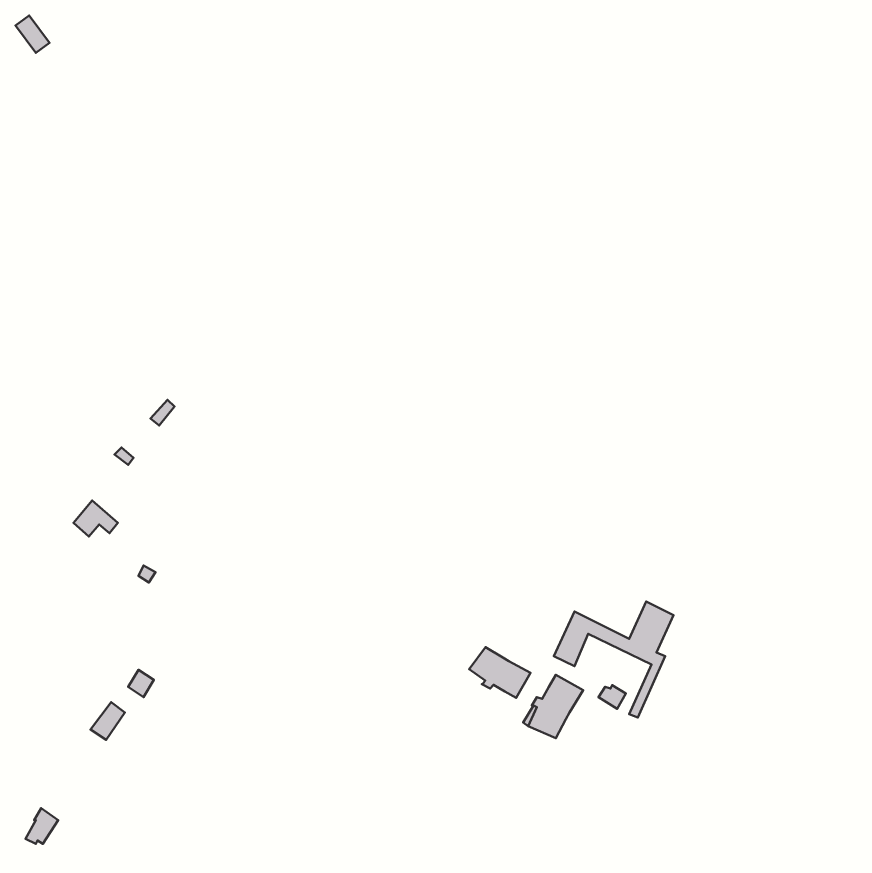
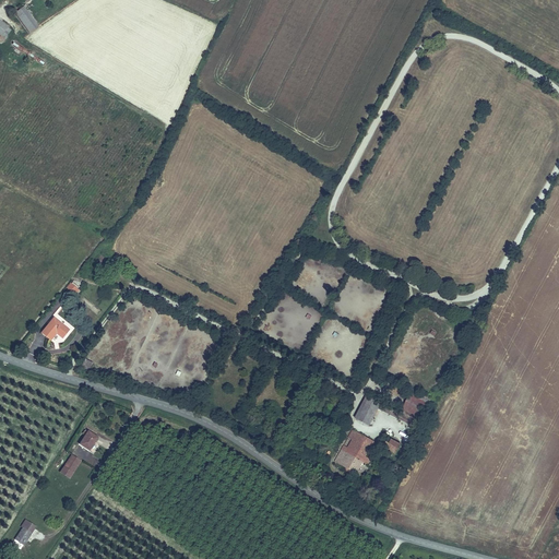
building: [469,647,531,698] -> none

